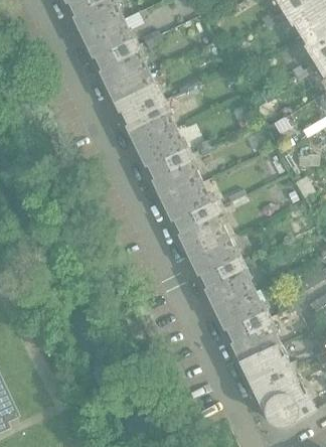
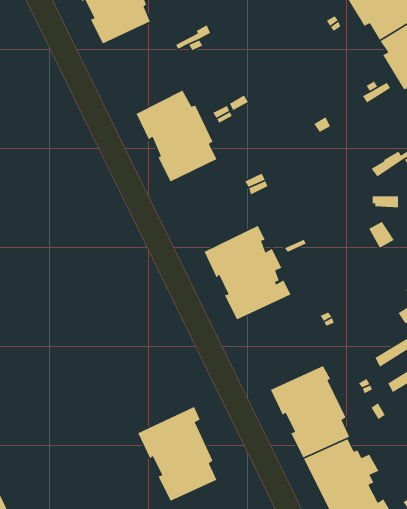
building: [84,19,147,92] -> none
building: [137,124,206,200] -> none
building: [189,234,253,309] -> [137,406,217,502]

